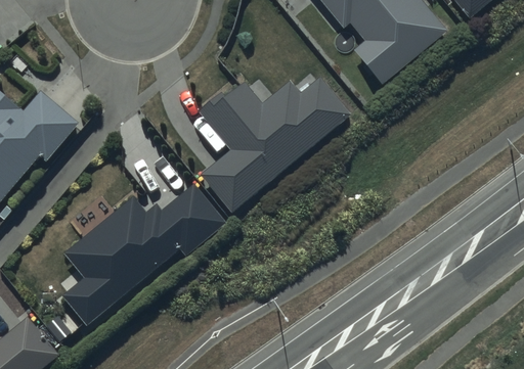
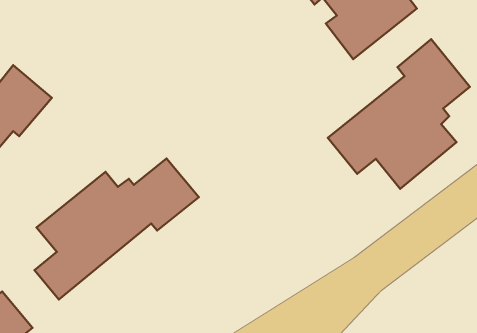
building: none -> [328,39,470,189]
building: [196,79,348,211] -> none

